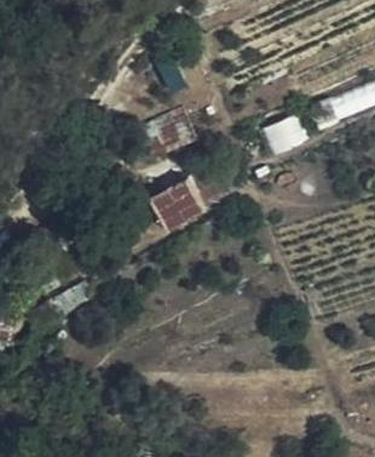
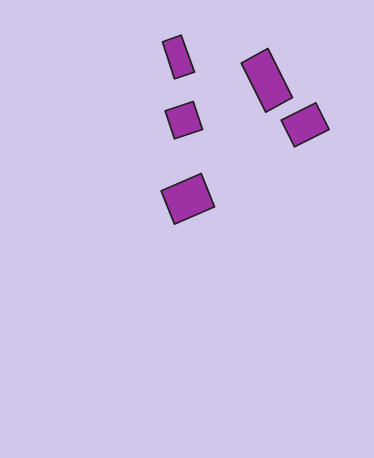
building: none -> [241,48,293,112]

